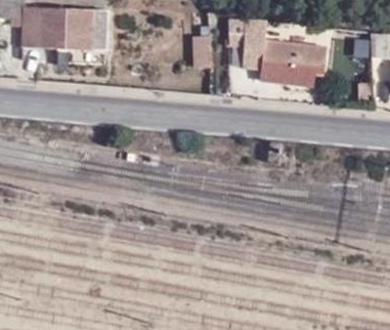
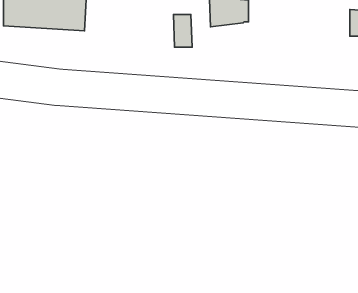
building: [260,41,326,83] -> none

